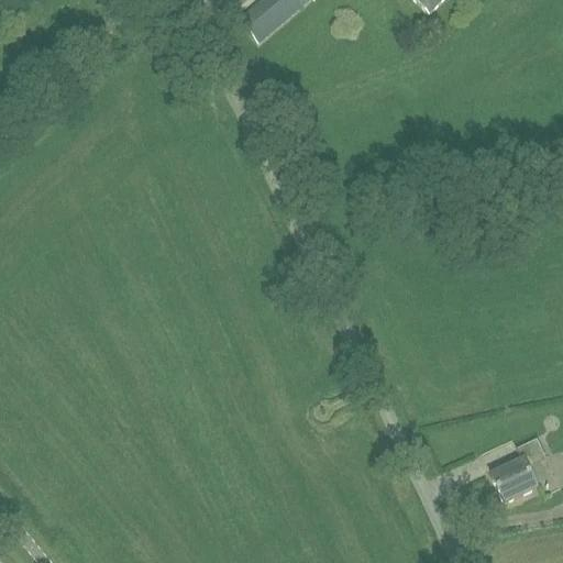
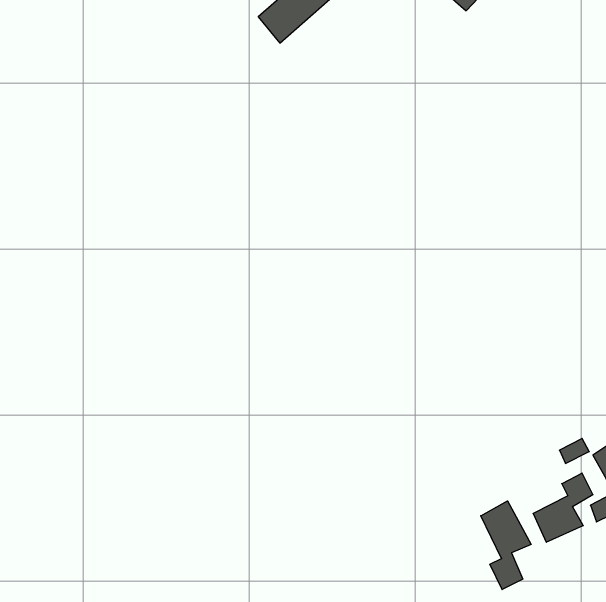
building: none -> [481,501,531,590]

